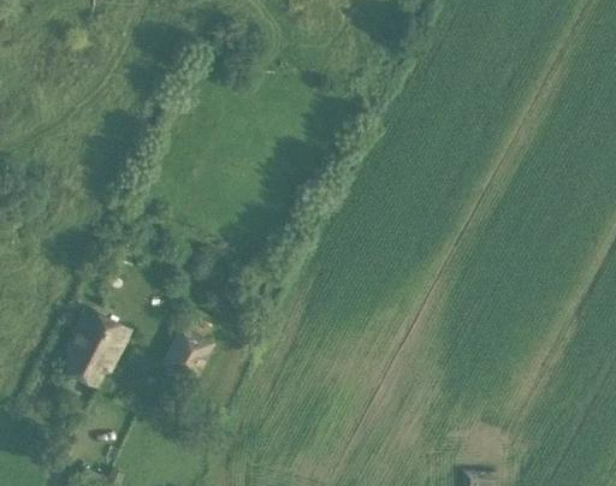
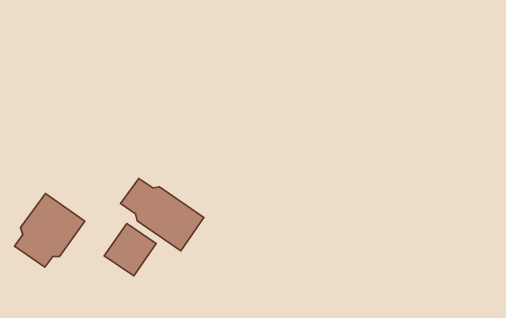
building: none -> [121,178,204,251]

